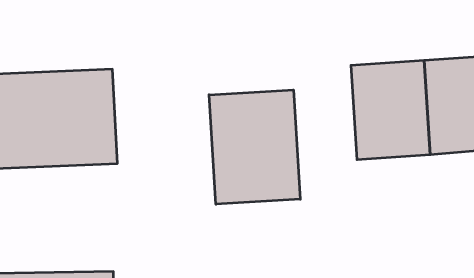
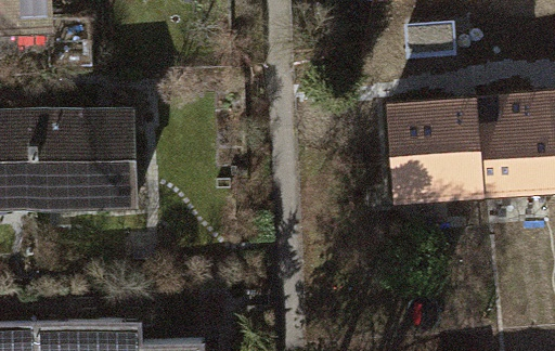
building: [209,90,300,204] -> none

